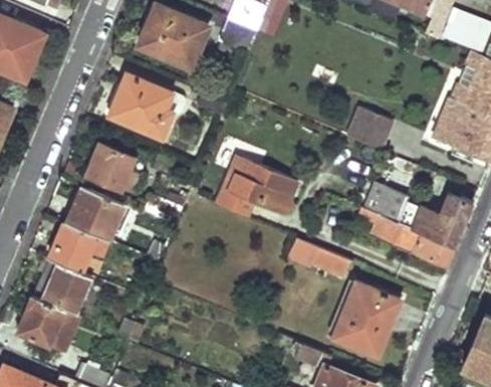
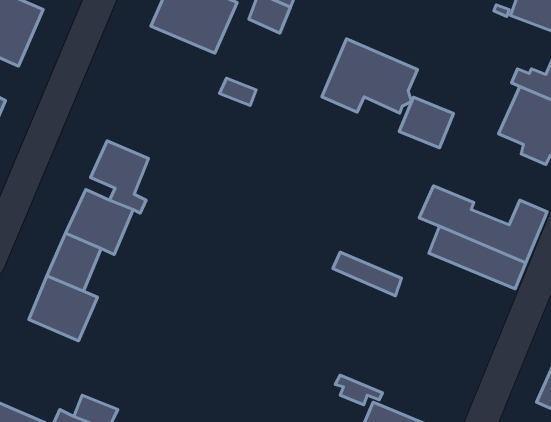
building: [112,73,174,136] -> none
building: [218,155,299,218] -> [322,39,417,113]
building: [334,281,402,357] -> none
building: [19,296,80,351] -> none

